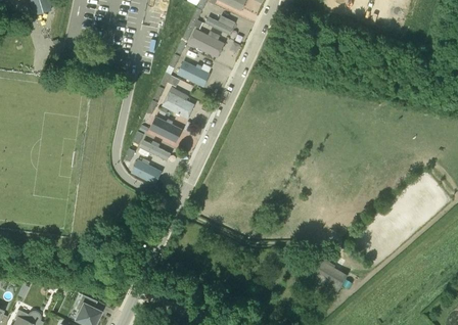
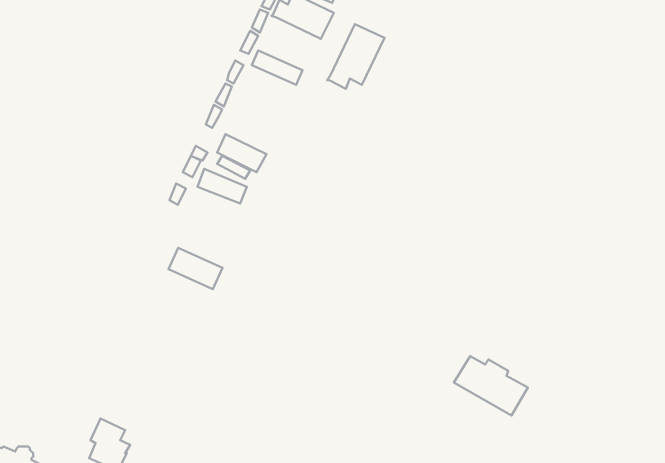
building: none -> [327,24,385,89]
building: [164,87,196,118] -> none
building: [132,158,166,184] -> [168,248,223,289]

